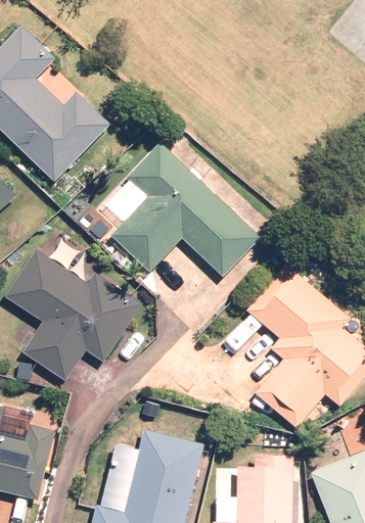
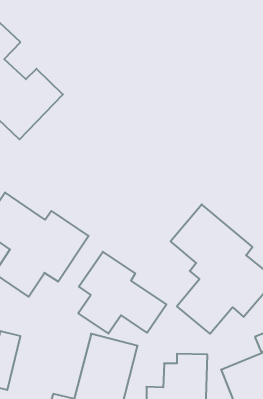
building: [110,142,261,277] -> none
building: none -> [78,252,166,334]

